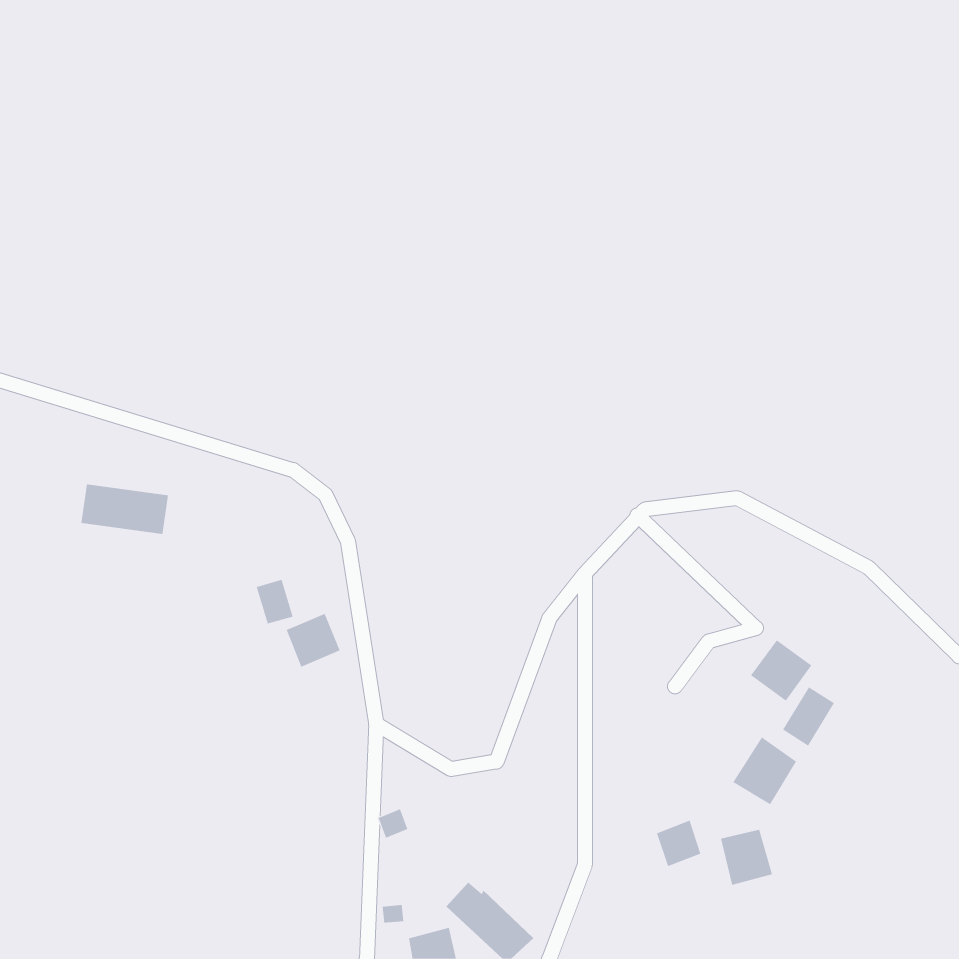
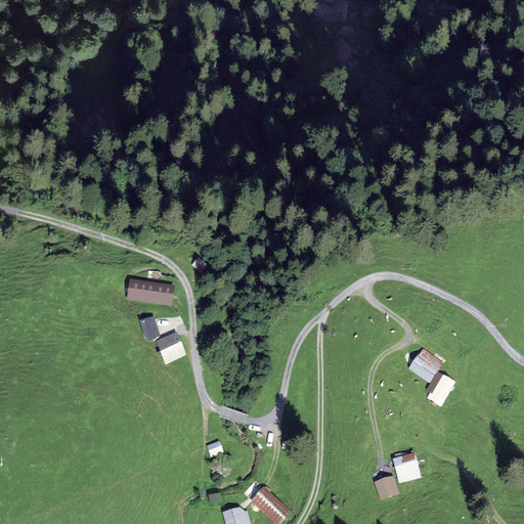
building: [80,484,169,534] -> [126,278,174,306]
building: [733,737,797,805] -> none
building: [656,820,701,867] -> [374,474,398,499]

